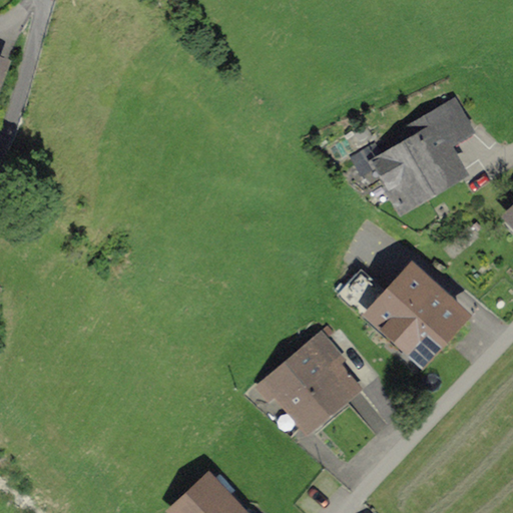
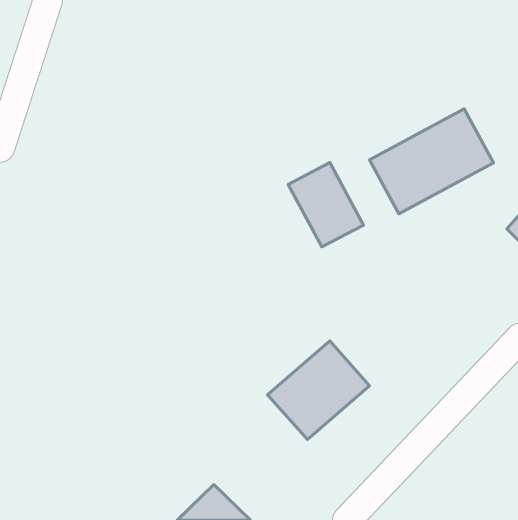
building: none -> [288,163,363,247]
building: [335,266,458,352] -> none

